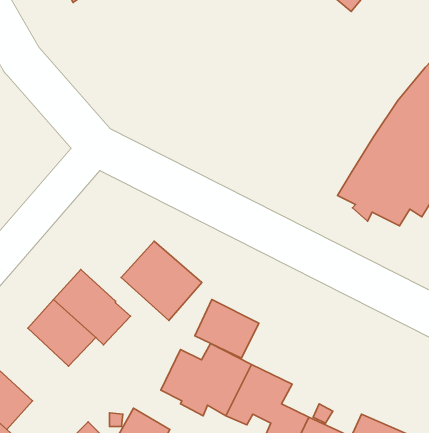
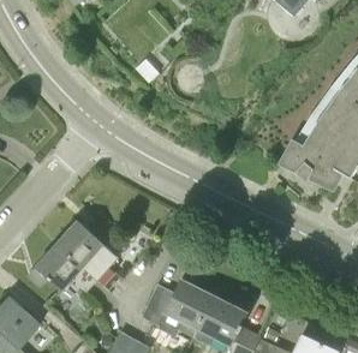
building: [121,241,202,321] -> none
building: [195,300,259,358] -> none

